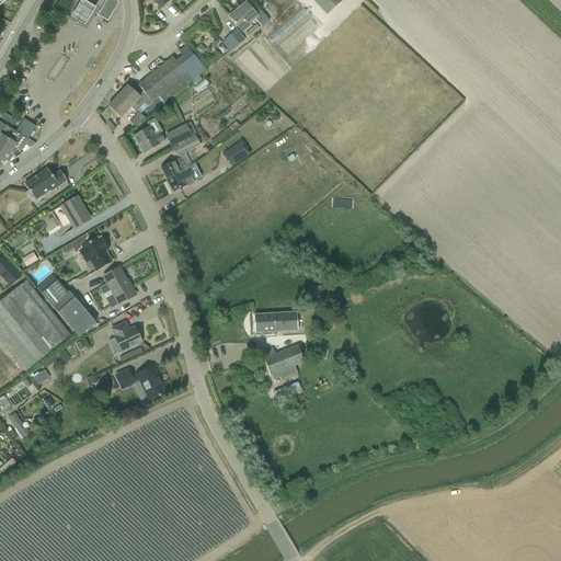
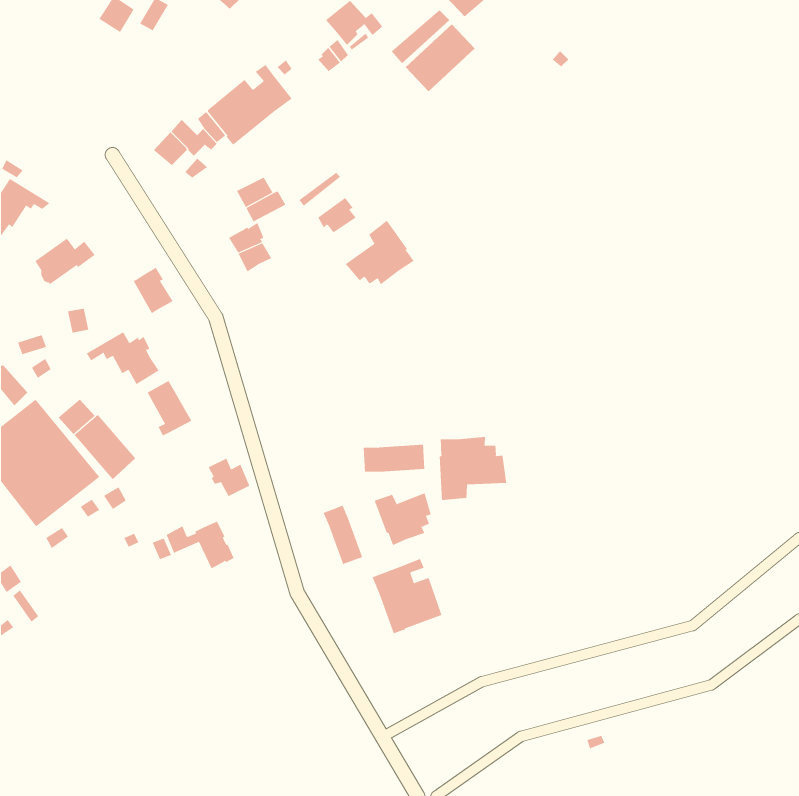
building: [134,117,163,152] -> none
building: none -> [345,220,414,285]
building: [60,195,89,228] -> [133,267,173,314]
building: none -> [439,436,507,501]
building: [112,321,141,348] -> [208,458,250,497]
building: none -> [323,505,363,565]
building: none -> [372,558,442,634]

